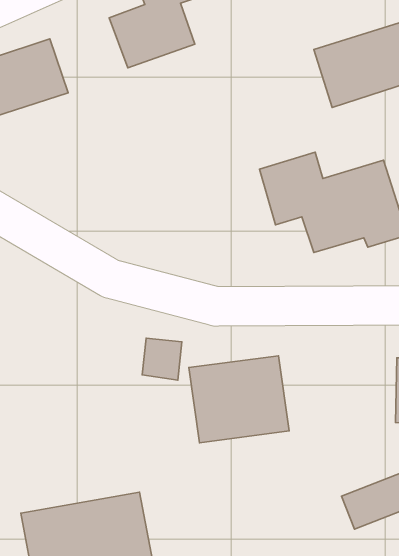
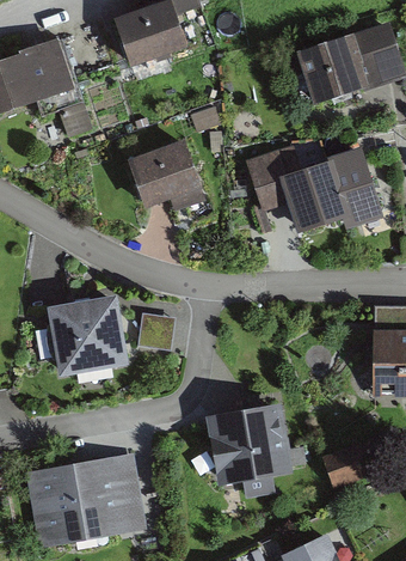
building: none -> [127,142,202,211]
building: none -> [44,294,125,376]
building: [189,356,289,443] -> [207,405,297,484]

